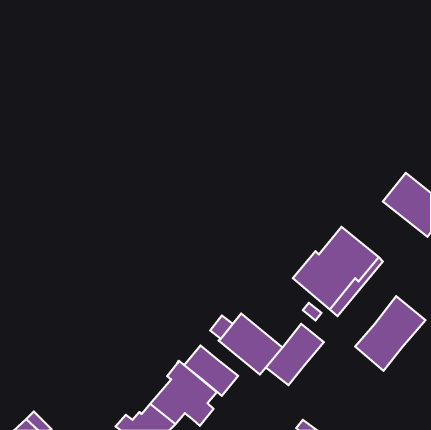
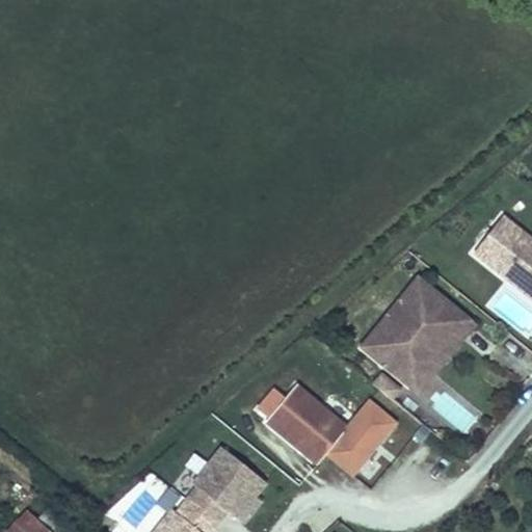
building: [355,296,425,371] -> none
building: [184,346,238,396] -> none

